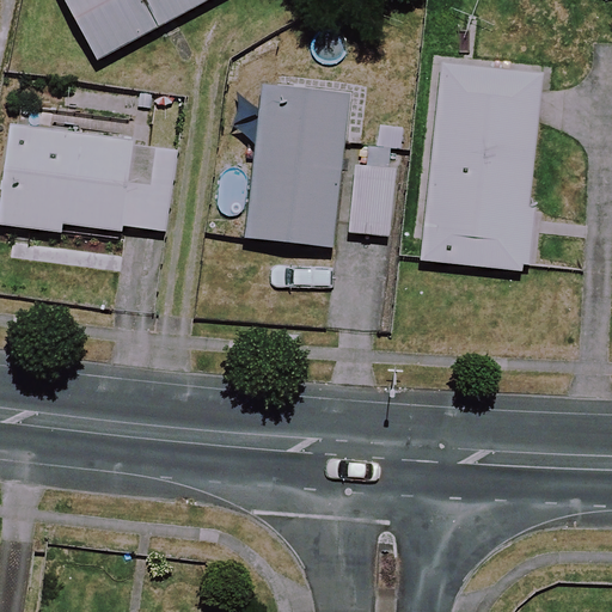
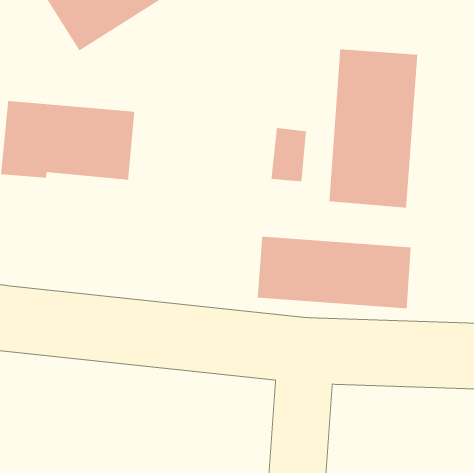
building: [244,86,344,243] -> none
building: none -> [257,236,411,309]

